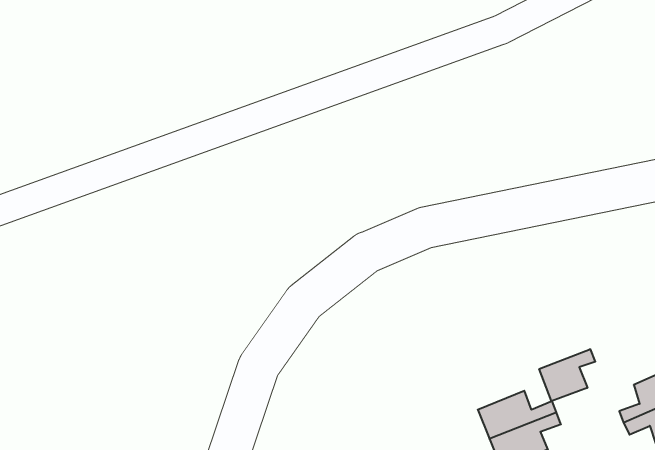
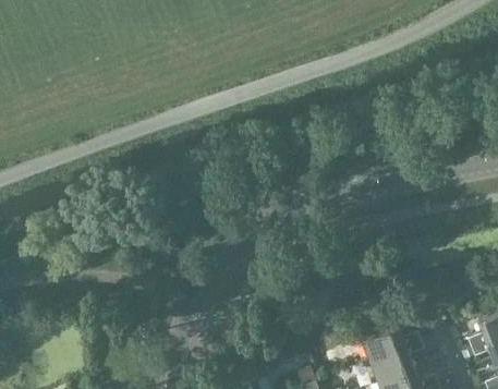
building: [539,349,595,401] -> none

